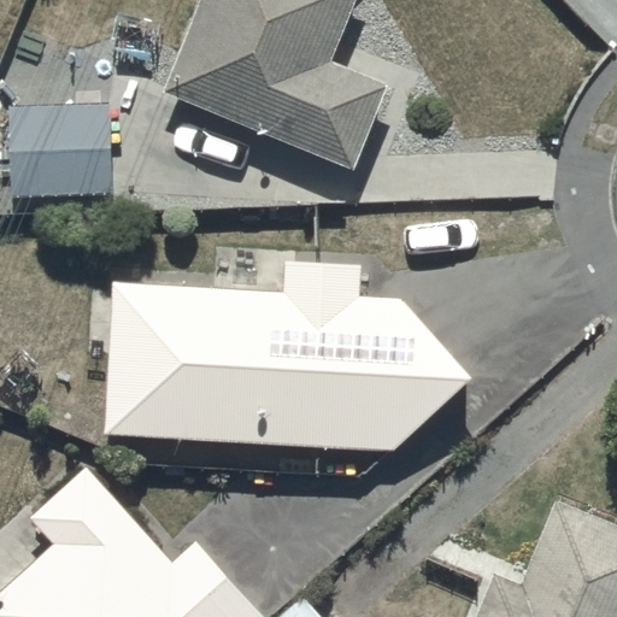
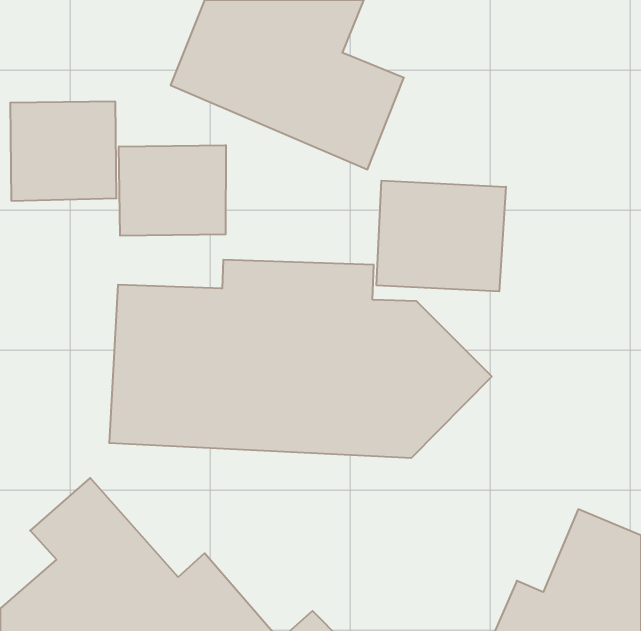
building: none -> [119,145,226,236]
building: none -> [377,181,506,291]

